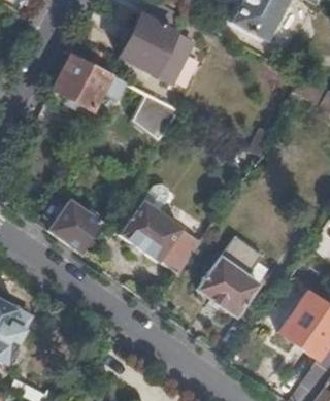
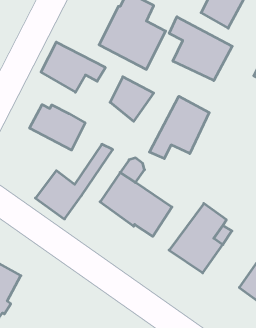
building: none -> [169,17,232,81]
building: none -> [149,96,209,159]
building: none -> [30,105,85,150]

